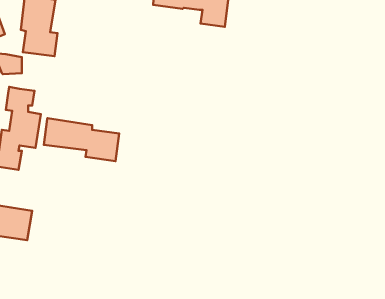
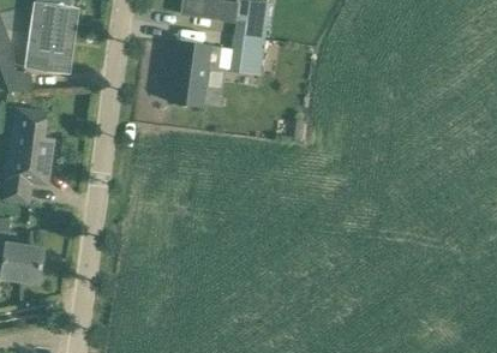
building: none -> [230,35,263,71]
building: none -> [169,41,220,106]
building: [44,118,119,161] -> none

